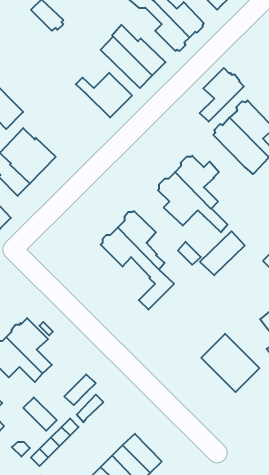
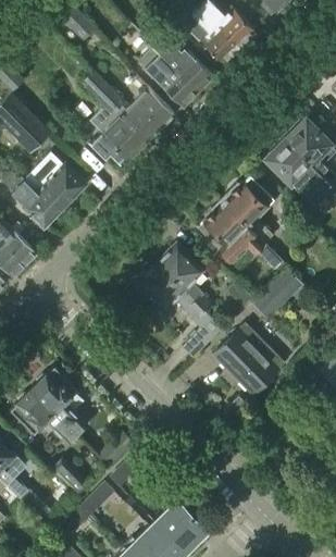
building: none -> [79,70,150,165]
building: [200,68,244,122] -> none
building: [201,334,259,392] -> [214,329,281,395]

